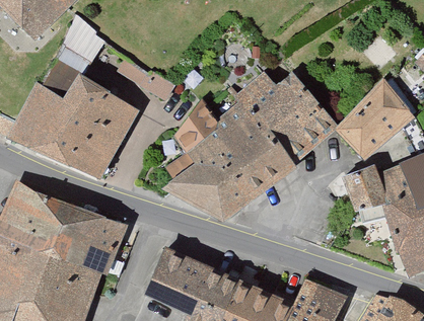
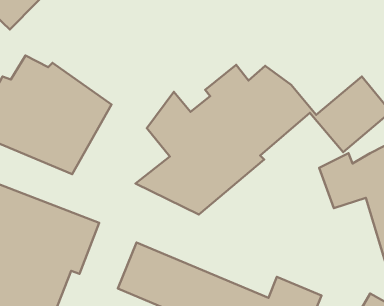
building: [60,21,104,64] -> none

